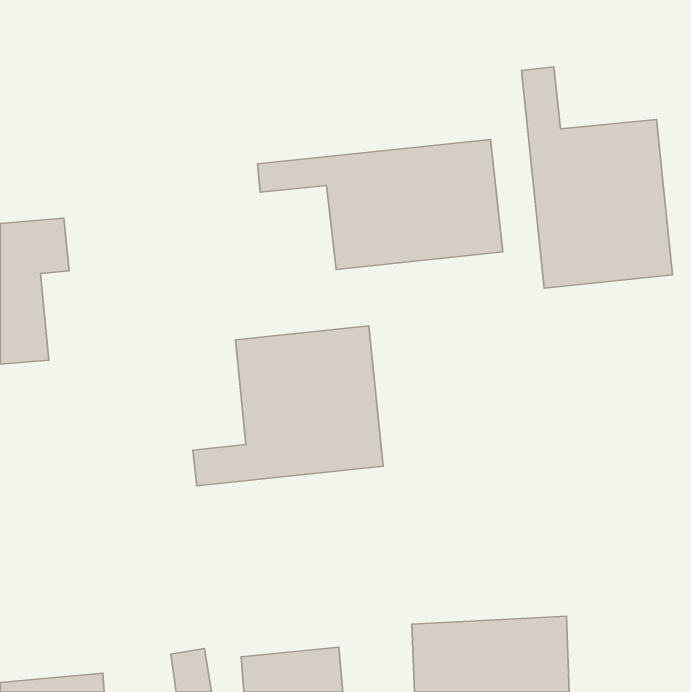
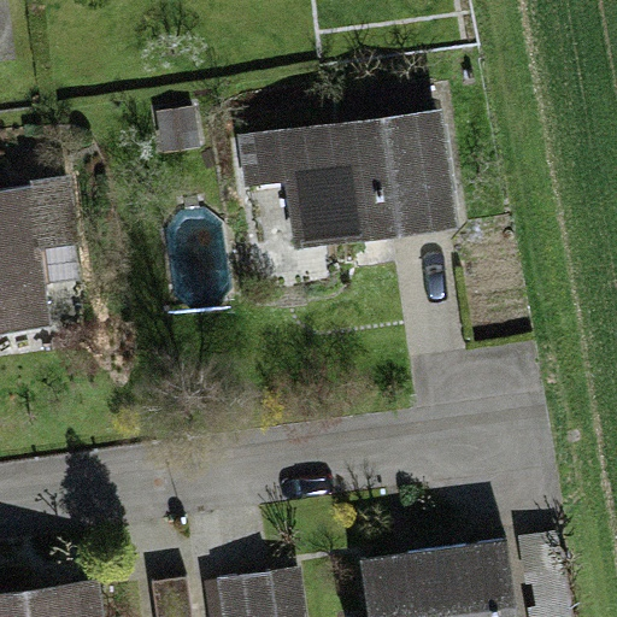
building: [522,67,673,288] -> none
building: [193,326,383,486] -> none

